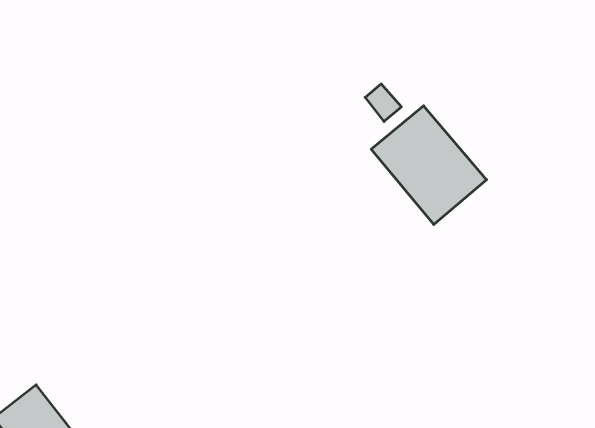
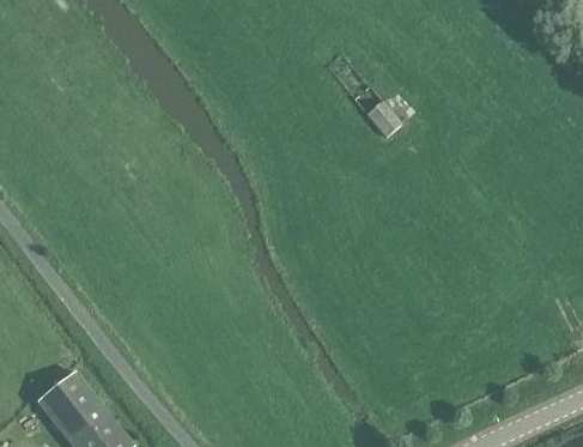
building: [371,106,487,225] -> none

